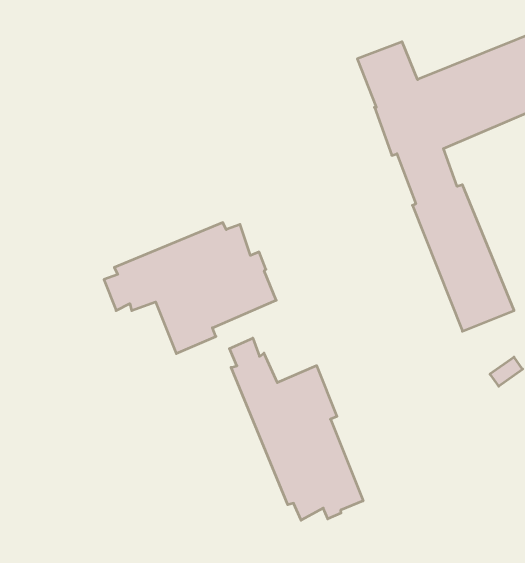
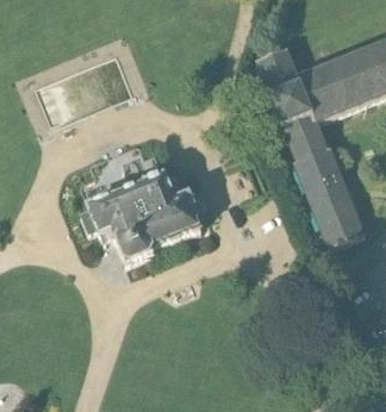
building: [229,338,363,520] -> none

